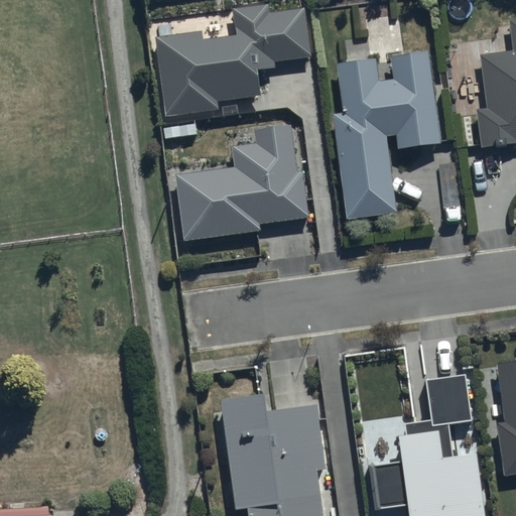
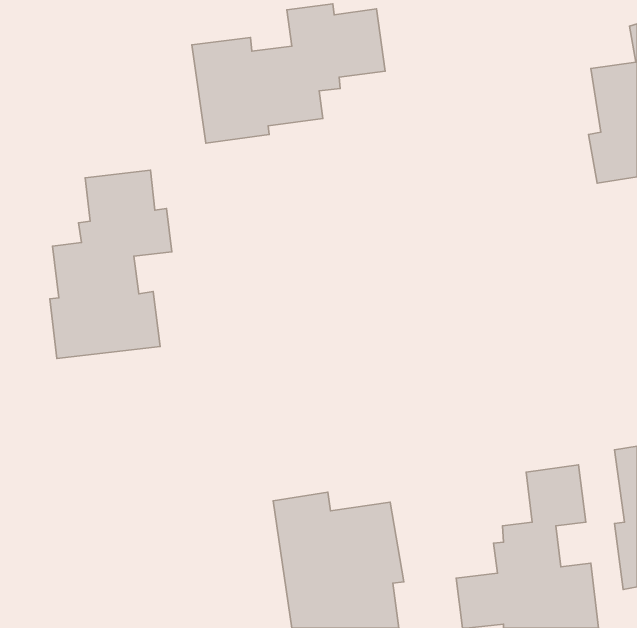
building: [333,52,441,222] -> none
building: [176,126,309,240] -> none
building: none -> [50,170,172,359]

